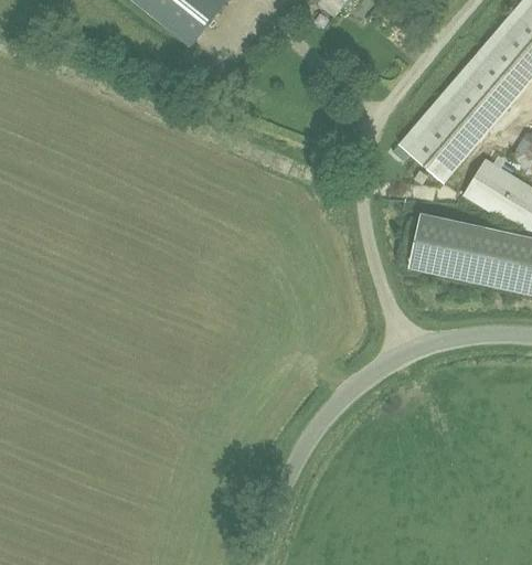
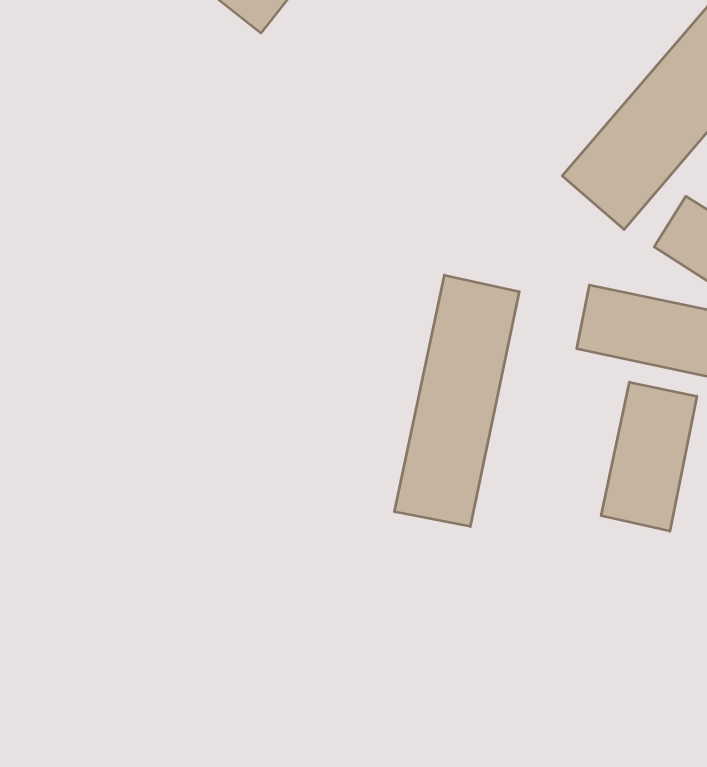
building: none -> [395,275,519,527]
building: none -> [601,382,697,531]

